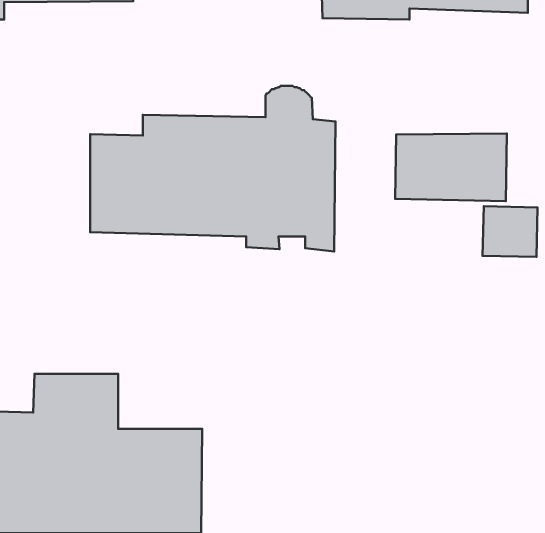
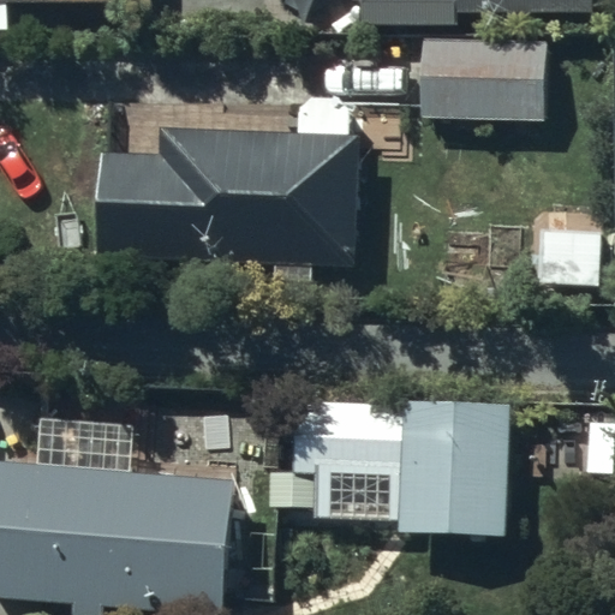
building: [395,133,507,201] -> [419,38,544,114]
building: none -> [292,398,509,538]

